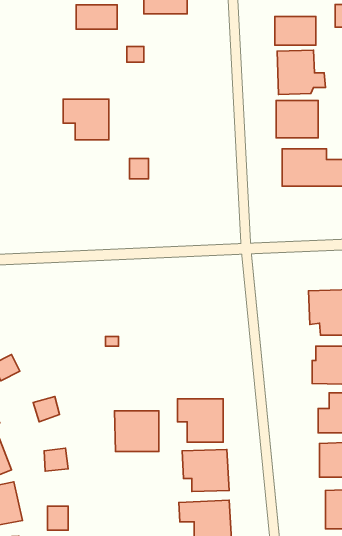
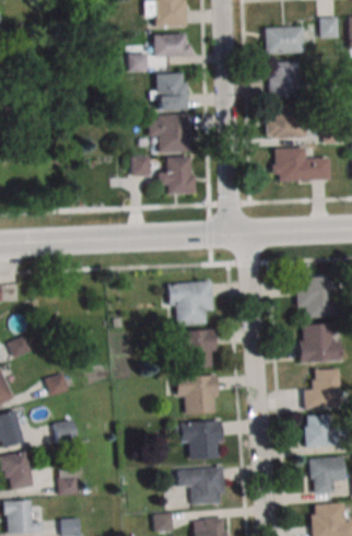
building: [76,5,117,29] -> [153,35,190,57]
building: none -> [152,73,187,109]
building: [63,99,109,140] -> [149,115,190,152]
building: none -> [157,158,193,194]
building: none -> [168,281,213,326]
building: [114,411,159,452] -> [175,330,215,368]

